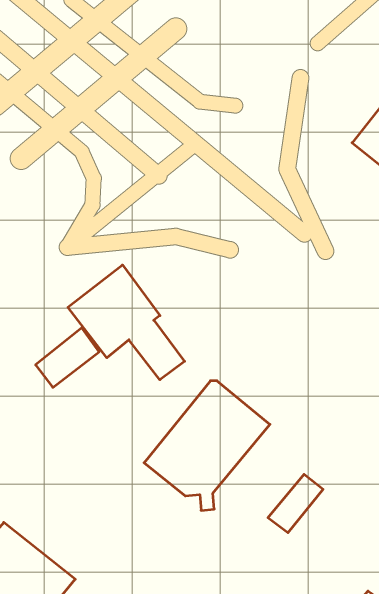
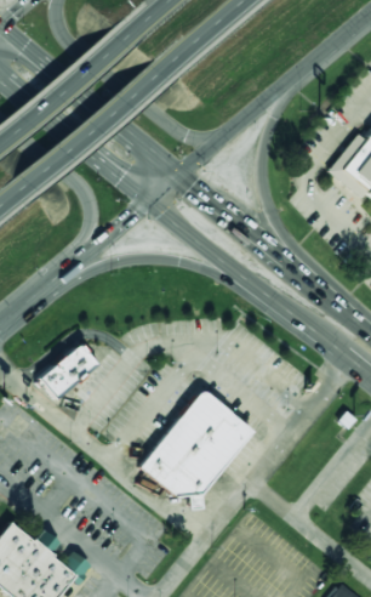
building: [68,265,185,380] -> none
building: [268,474,323,533] -> none

